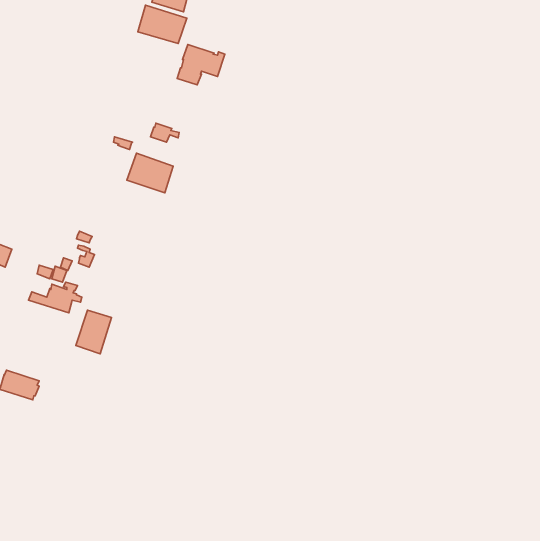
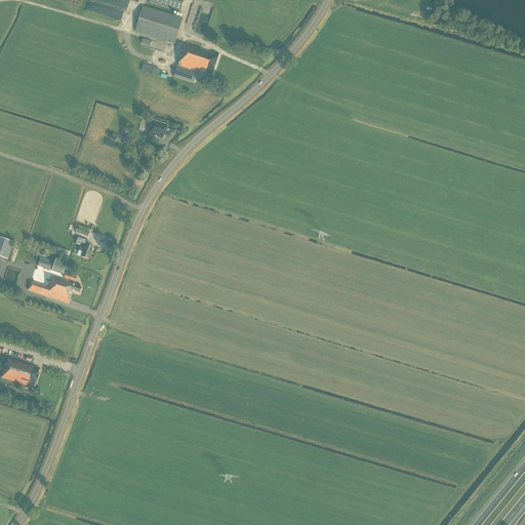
building: [127,153,173,193] -> none
building: [76,310,112,354] -> none

